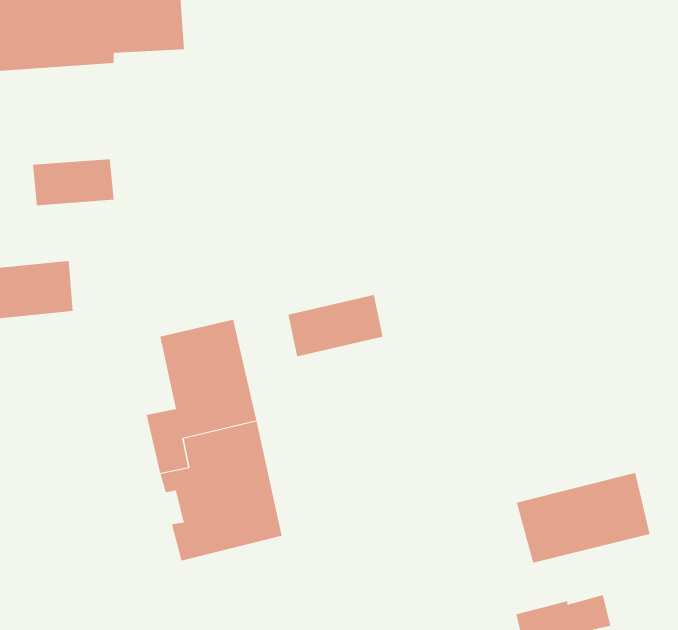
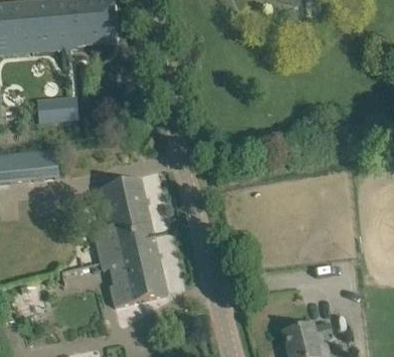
building: [288,294,383,357] -> none
building: [516,472,650,564] -> none

